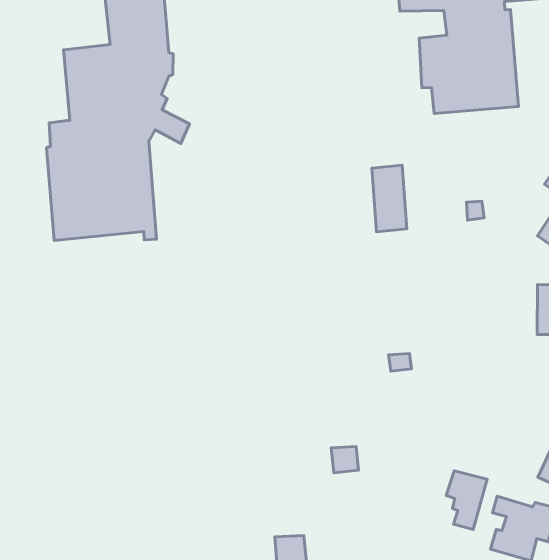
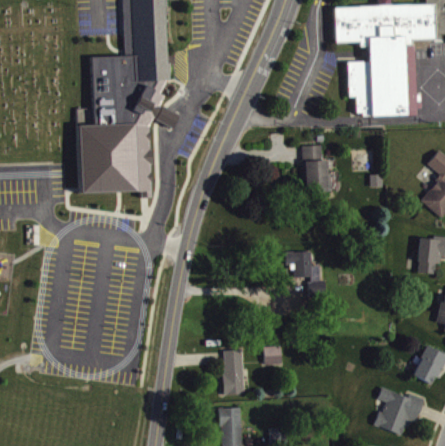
building: none -> [286,252,321,279]
building: none -> [223,351,244,396]
building: [446,471,487,530] -> none

